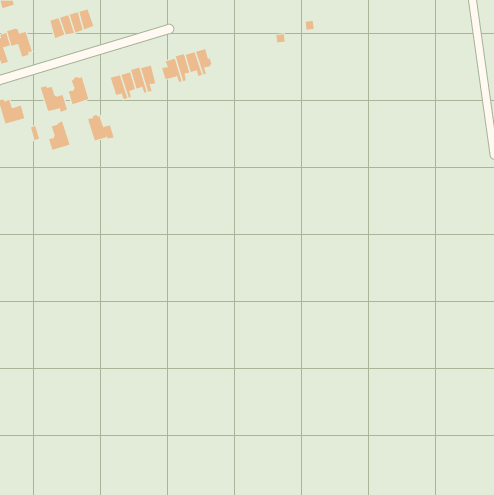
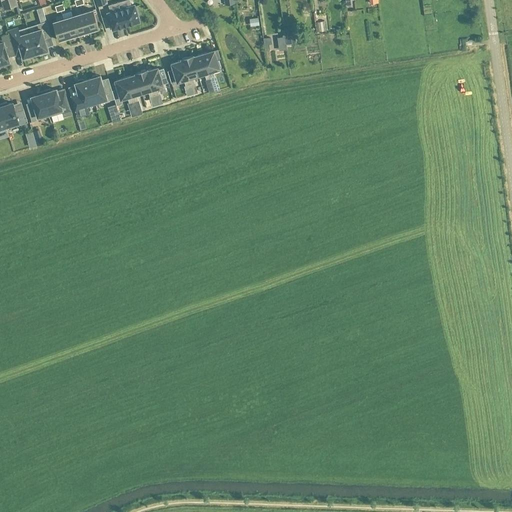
building: none -> [105,6,137,30]
building: none -> [27,21,50,56]
building: [87,114,114,141] -> [85,75,113,103]
building: [48,120,70,151] -> [26,91,49,122]

